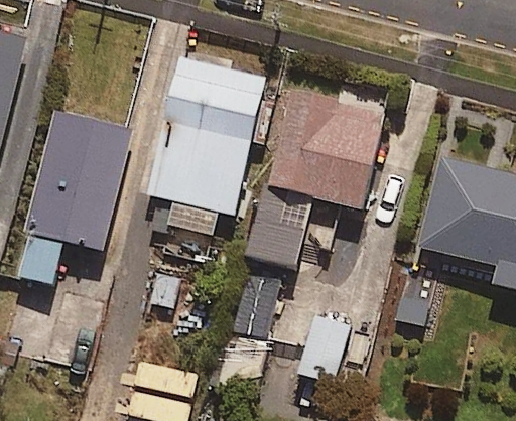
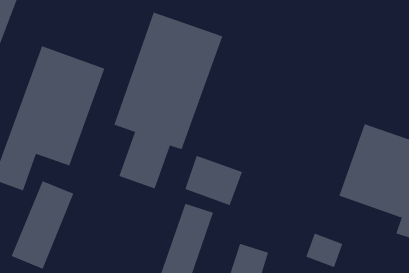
building: [266,86,386,207] -> none

